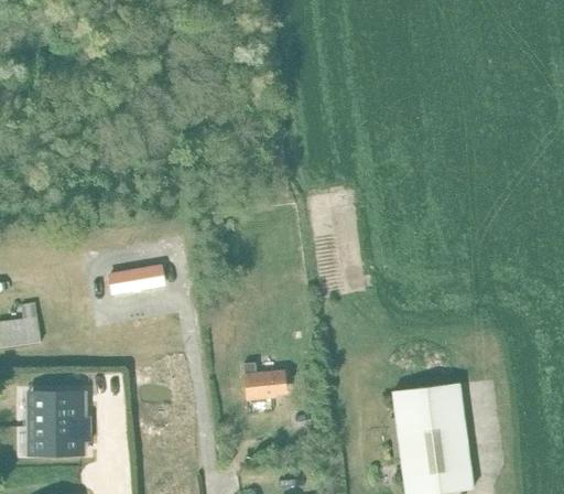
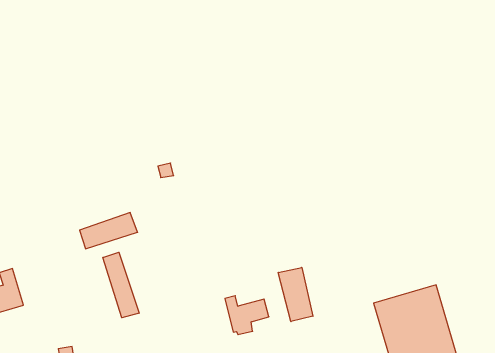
building: none -> [103,252,139,318]
building: none -> [278,267,313,322]

